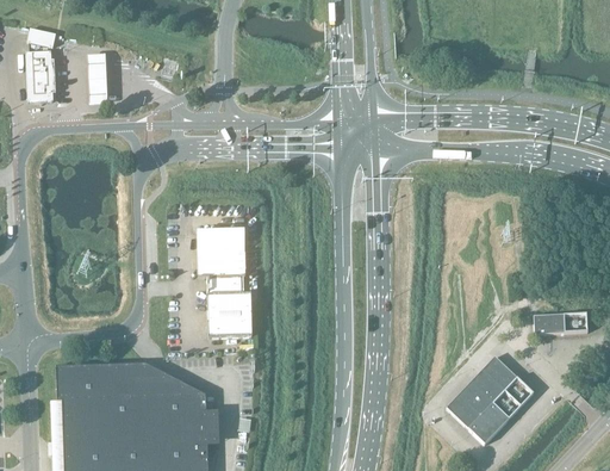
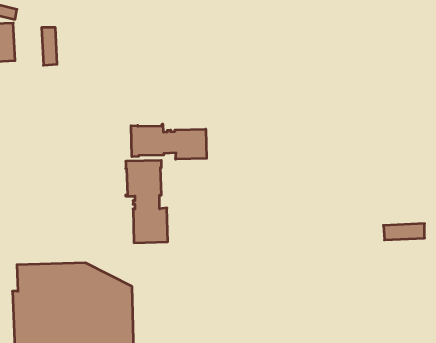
building: none -> [131,124,207,159]
building: [447,354,534,442] -> none

